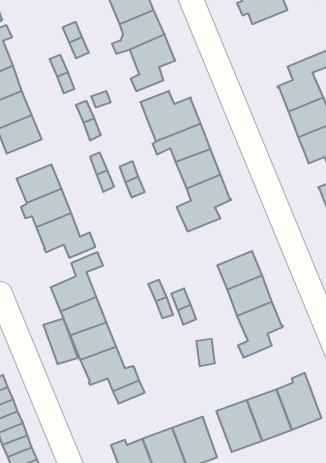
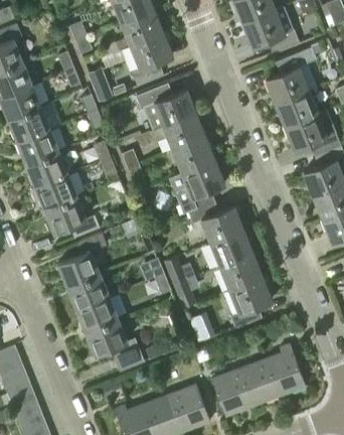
building: none -> [243,10,299,53]
building: none -> [18,129,59,165]
building: none -> [184,201,243,245]
building: [43,319,78,364] -> none

